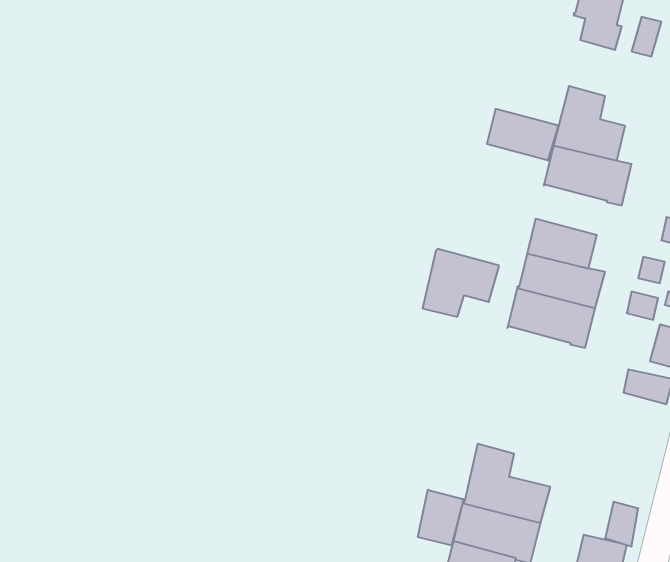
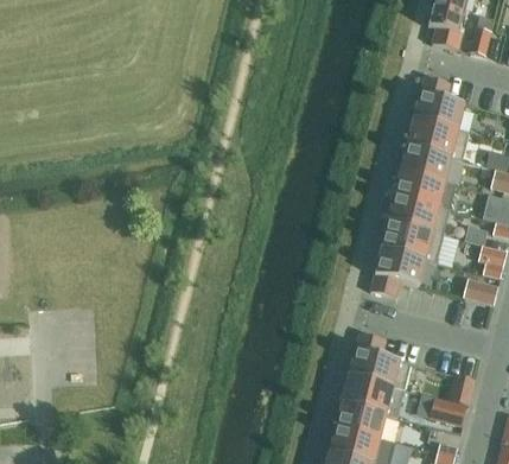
building: [487,109,558,160] -> [400,147,451,184]
building: [423,249,499,317] -> [370,249,425,298]
building: [418,490,463,546] -> none

